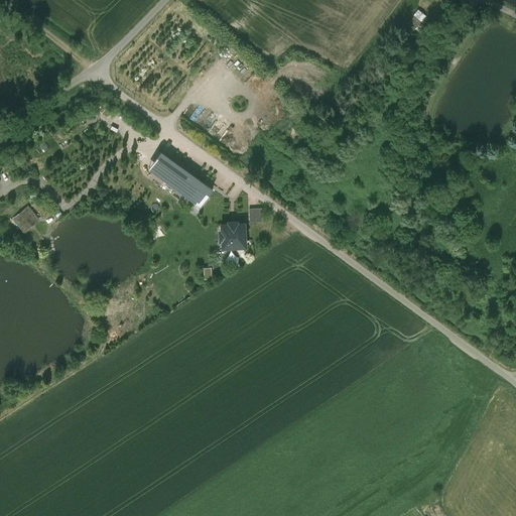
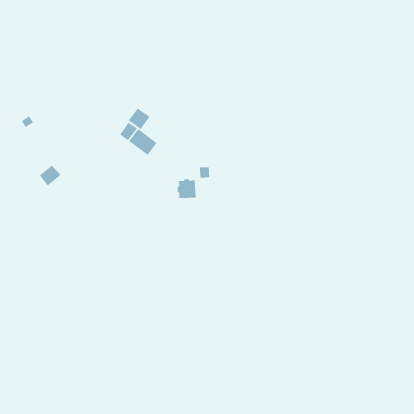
building: [183,178,212,207] -> [128,108,150,130]
building: [11,207,39,234] -> [39,165,61,187]

